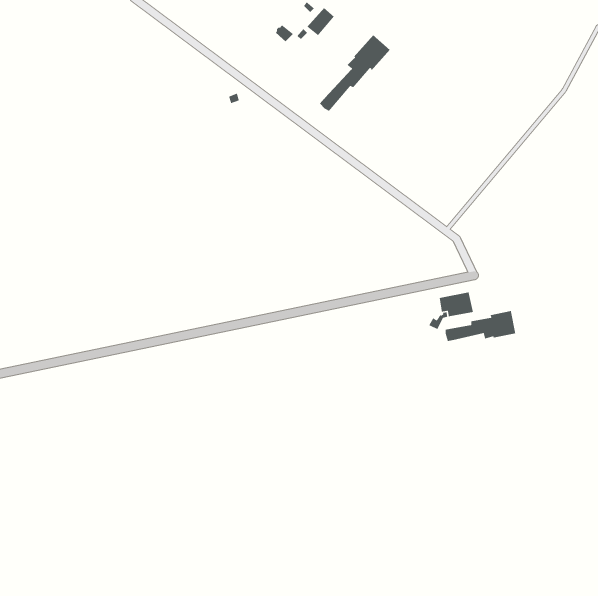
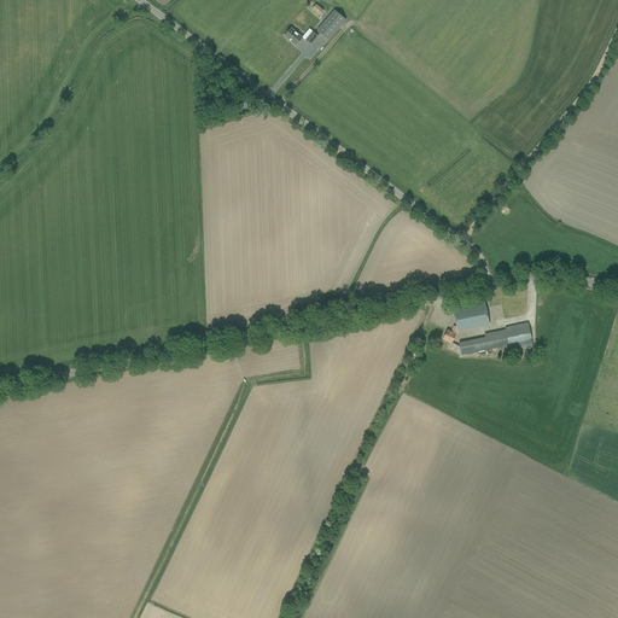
building: [319,34,391,112] -> none

